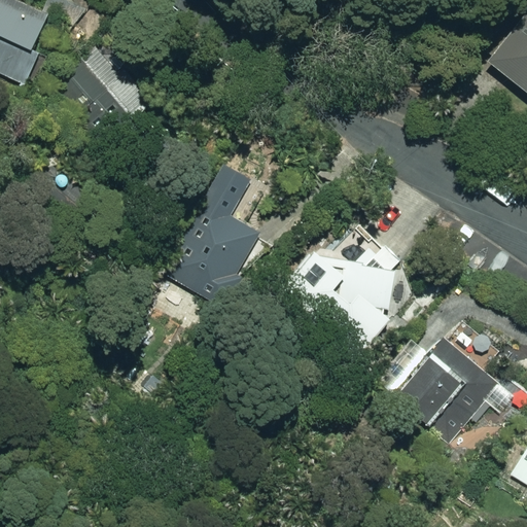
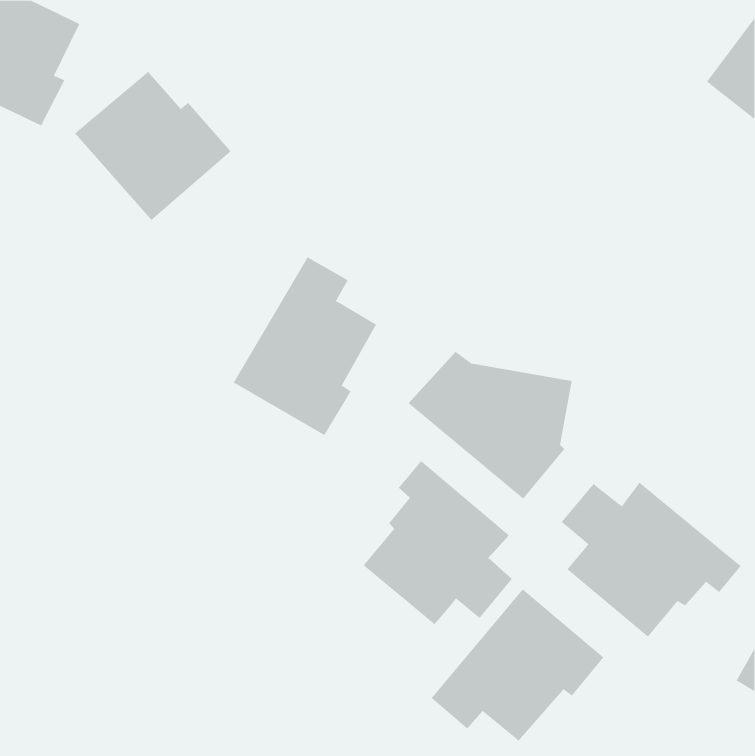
building: none -> [363,460,513,625]
building: none -> [431,588,604,742]

